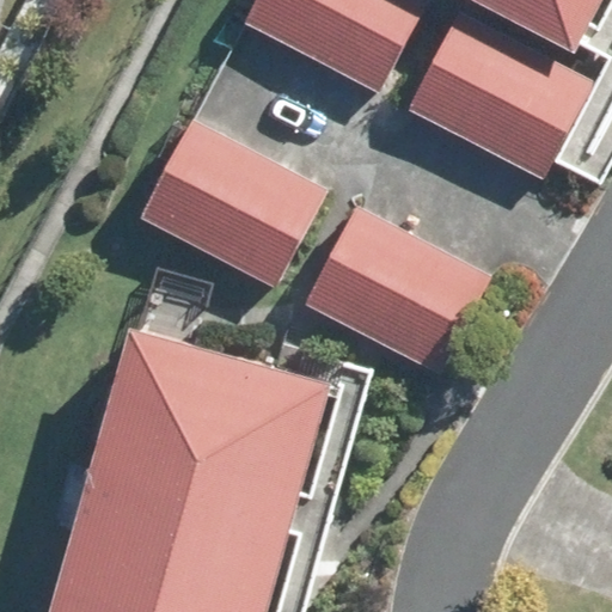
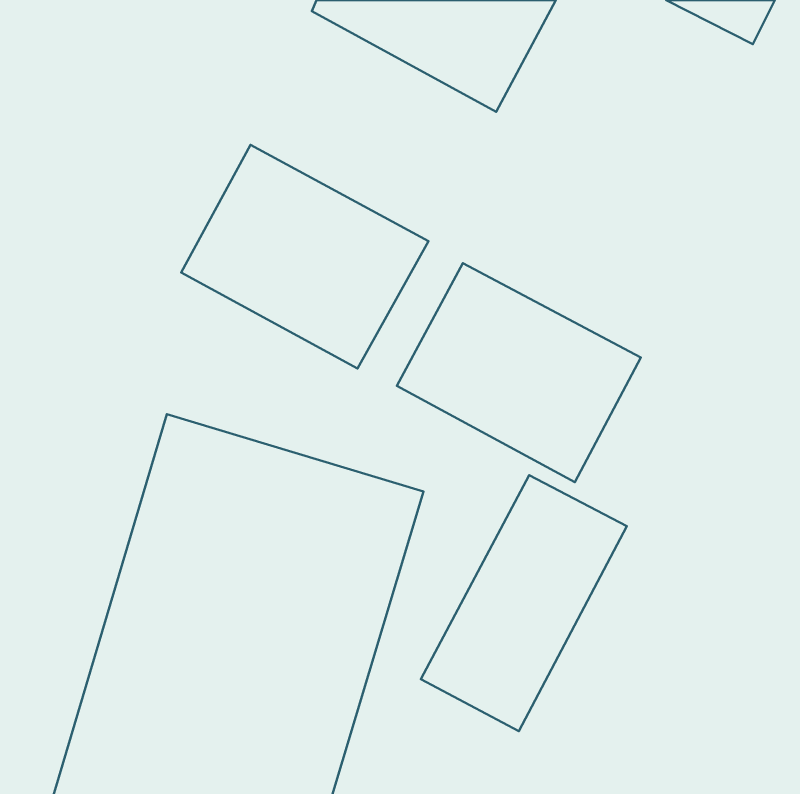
building: [412,13,596,182] -> none
building: none -> [421,475,627,731]

